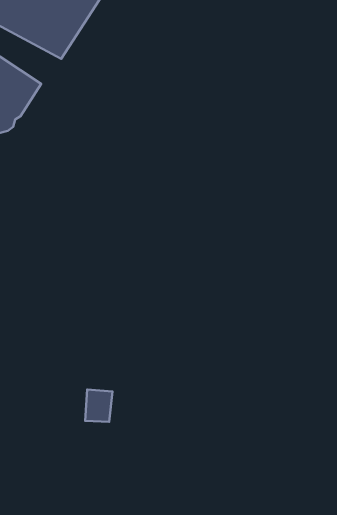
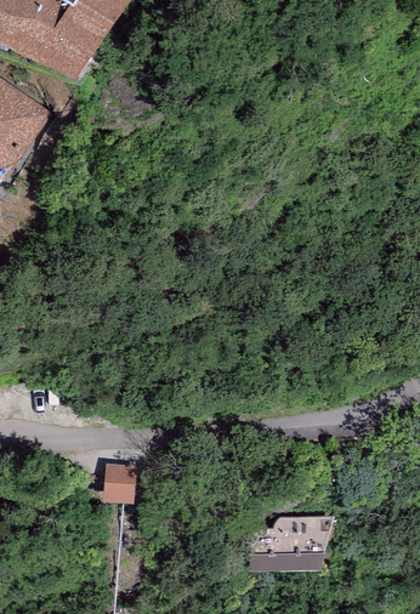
building: none -> [250,514,335,580]

